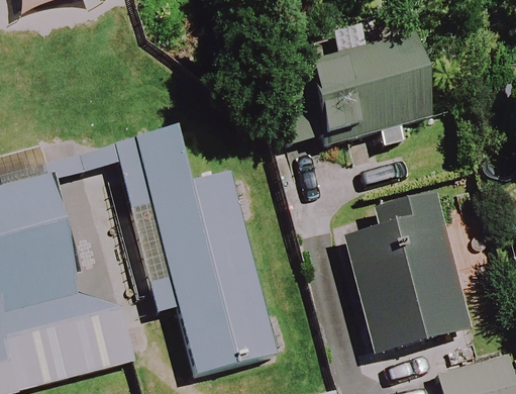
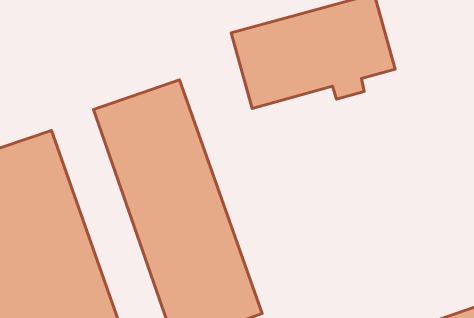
building: [343,212,461,354] -> none

